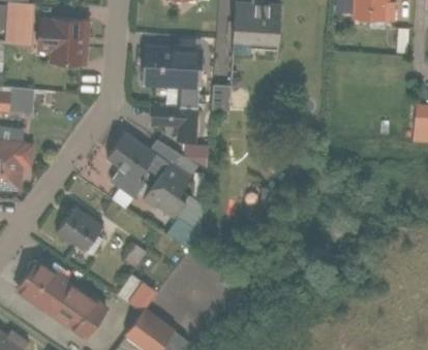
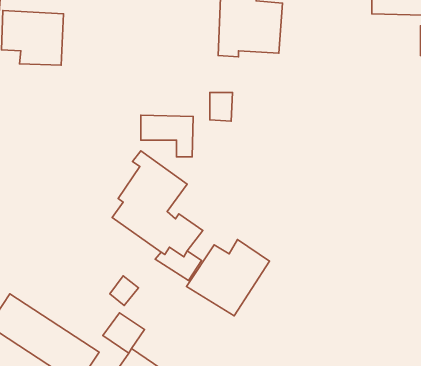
building: [139,50,197,90] -> none
building: [104,131,152,204] -> none
building: [55,205,104,253] -> none
building: none -> [187,240,269,316]

